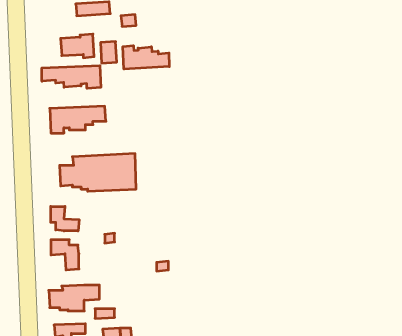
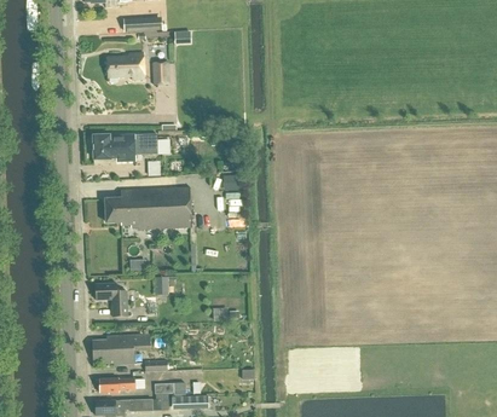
building: [123,46,169,69] -> none
building: [42,66,101,88] -> none
building: [51,206,79,231] -> none

